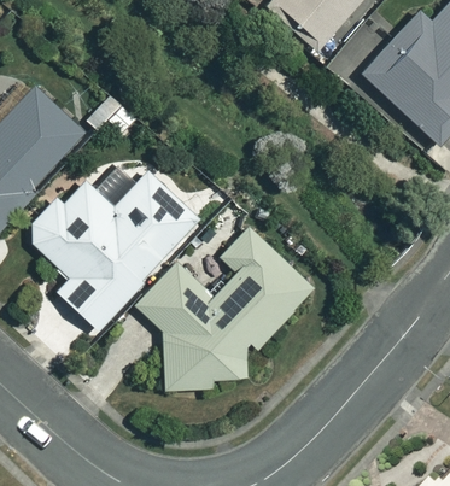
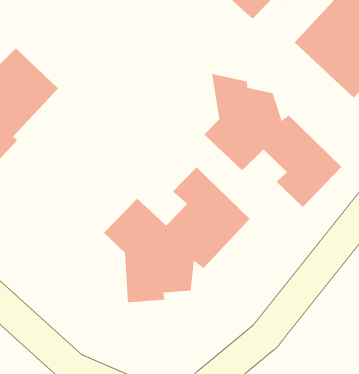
building: none -> [204,73,342,208]
building: [22,169,194,327] -> none

